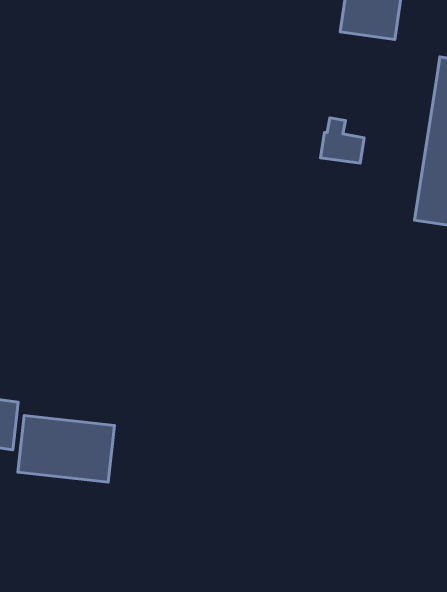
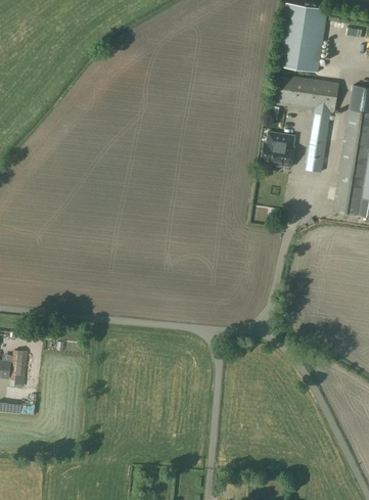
building: none -> [271,76,338,173]
building: [18,416,115,482] -> none

